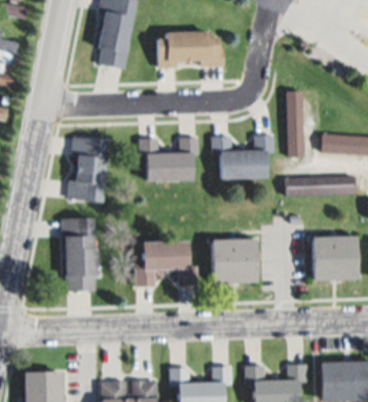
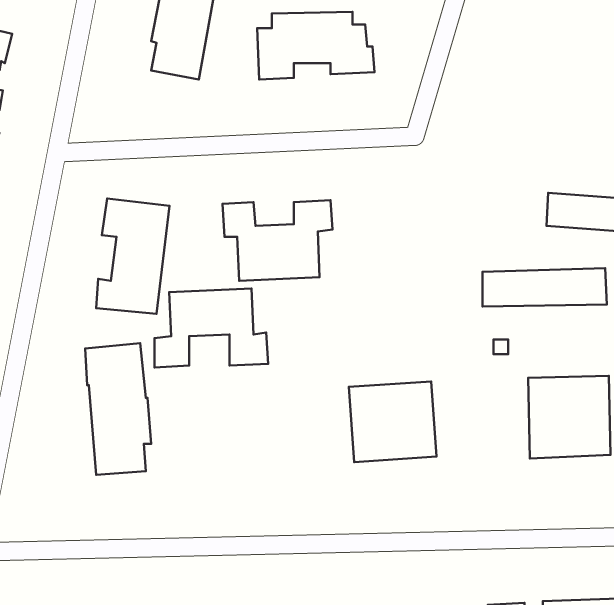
building: [287,90,304,156] -> none
building: [214,136,275,178] -> none
building: [135,242,198,286] -> [155,289,268,367]

